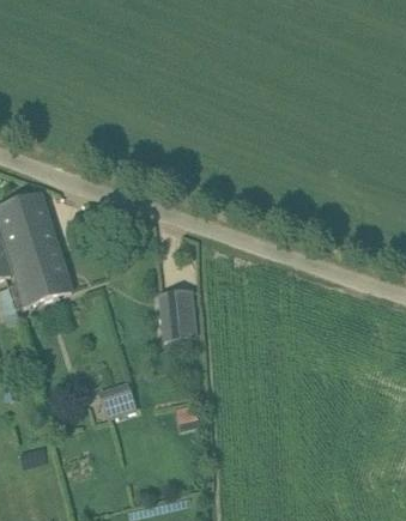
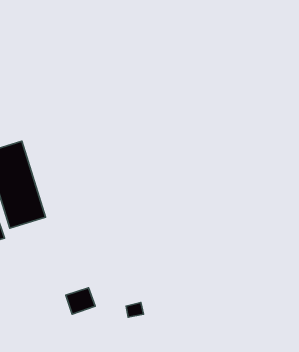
building: [158,289,199,340] -> none

